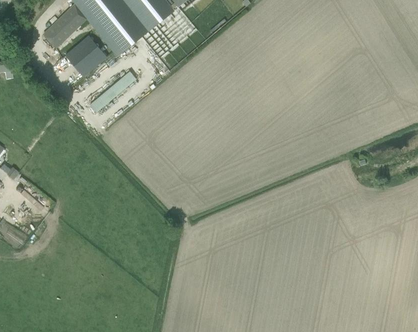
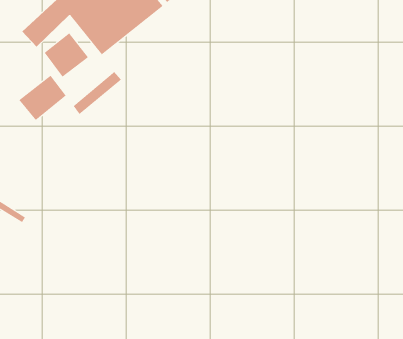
building: none -> [19,75,67,121]

